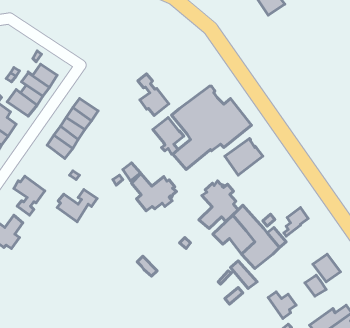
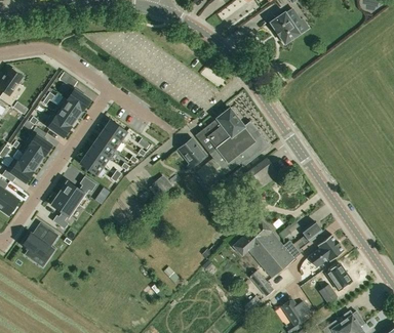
building: [138,74,169,115] -> none
building: [131,173,176,211] -> none
building: [199,181,238,228] -> none
building: [57,190,97,222] -> [60,176,96,206]
building: none -> [308,235,344,267]

